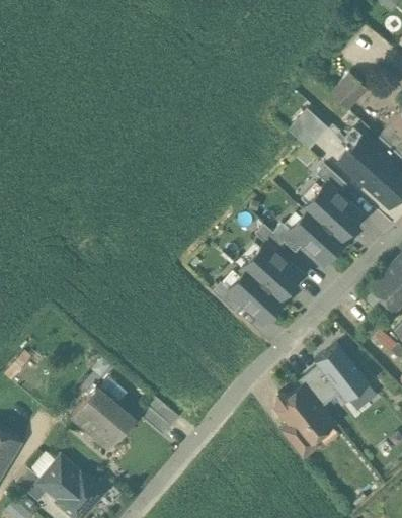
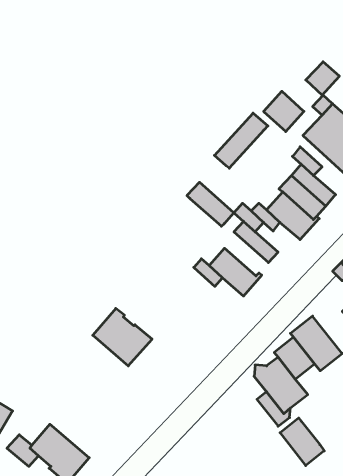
building: none -> [214,113,268,168]
building: [242,255,292,301] -> [187,182,234,226]
building: [72,388,135,449] -> [93,308,152,366]
building: none -> [280,418,324,466]

